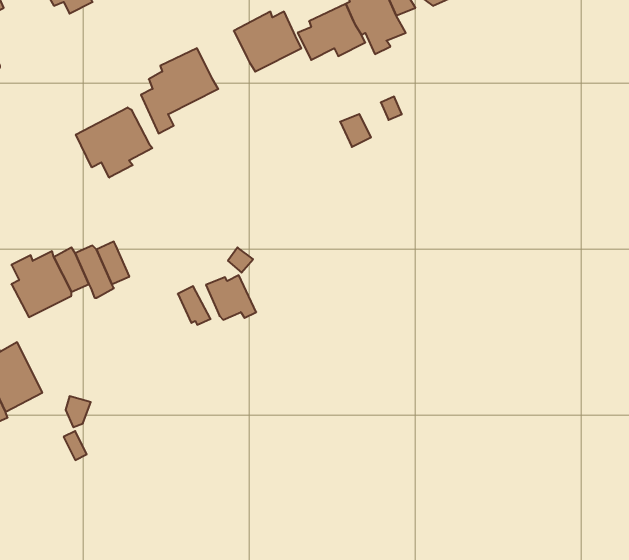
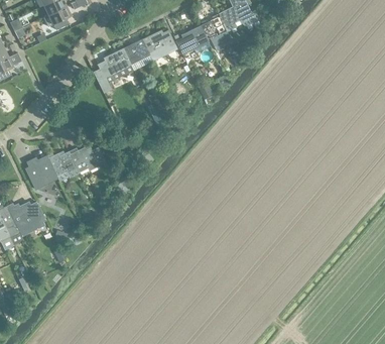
building: none -> [123,39,150,65]
building: [76,107,152,178] -> none
building: [206,275,256,320] -> [81,146,107,169]

